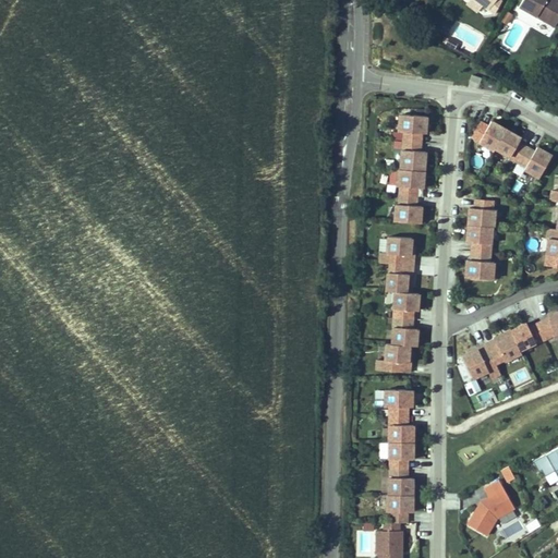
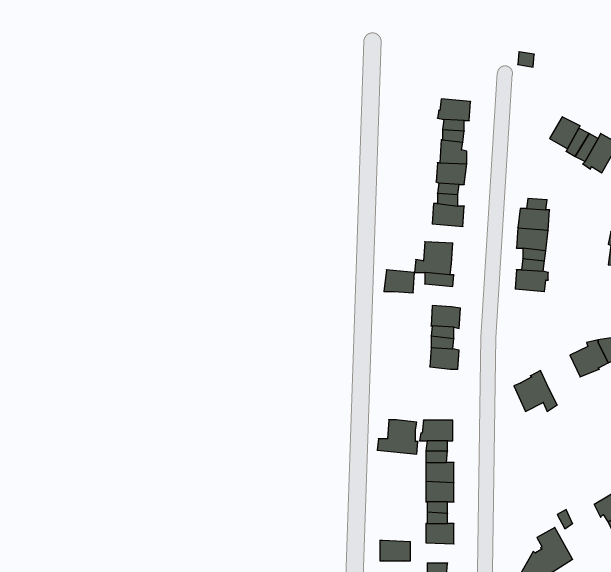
building: [472,121,507,150] -> none
building: [387,272,413,292] -> [384,270,414,293]
building: [488,333,524,363] -> none
building: [377,343,412,373] -> [377,420,418,454]
building: [388,494,414,511] -> [380,540,410,561]

